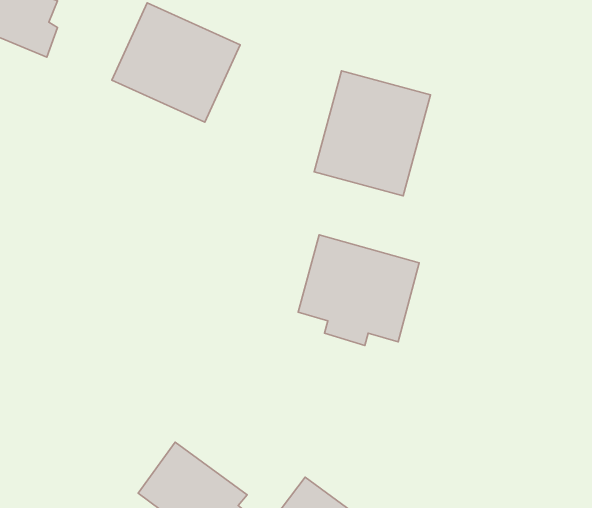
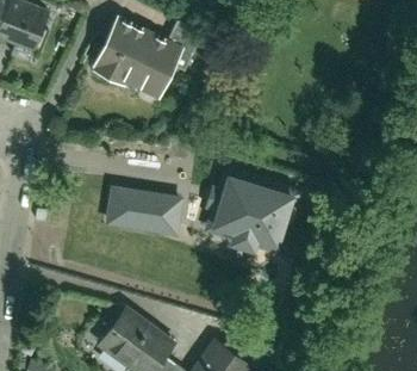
building: [314,71,431,196] -> none
building: none -> [106,187,182,235]

